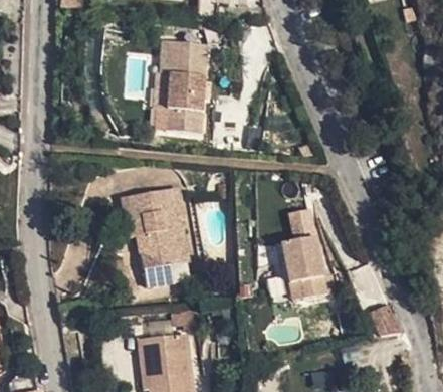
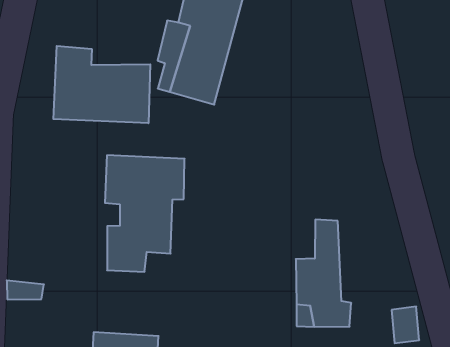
building: none -> [53,46,150,123]

